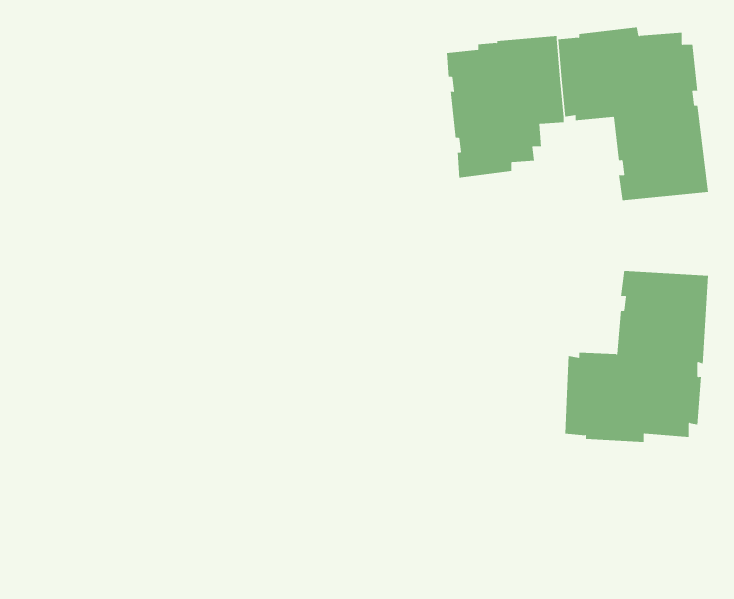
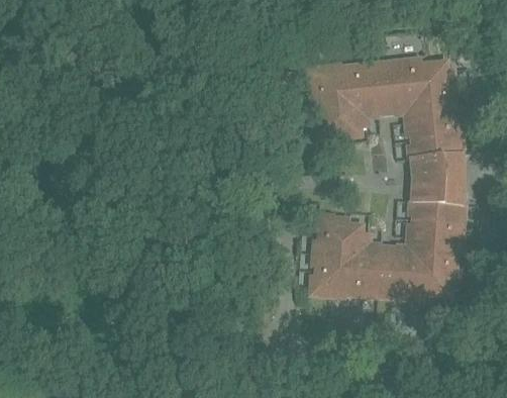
building: none -> [409,153,462,201]
building: none -> [310,215,378,295]

